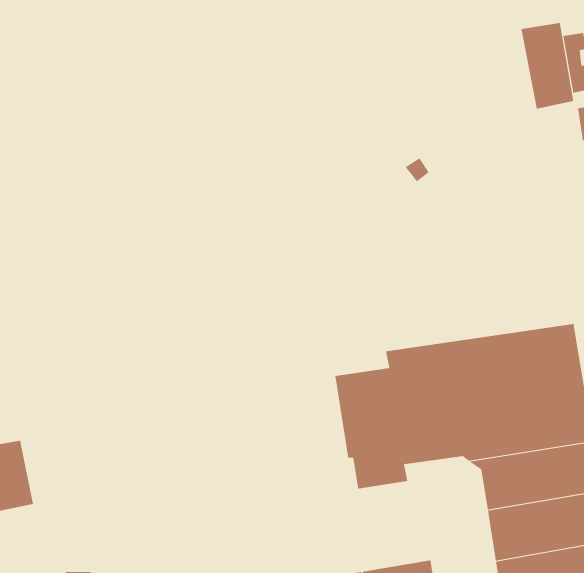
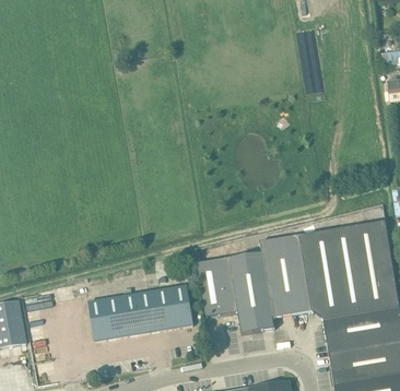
building: [521,22,574,109] -> none
building: none -> [197,258,235,317]
building: none -> [89,285,193,341]

